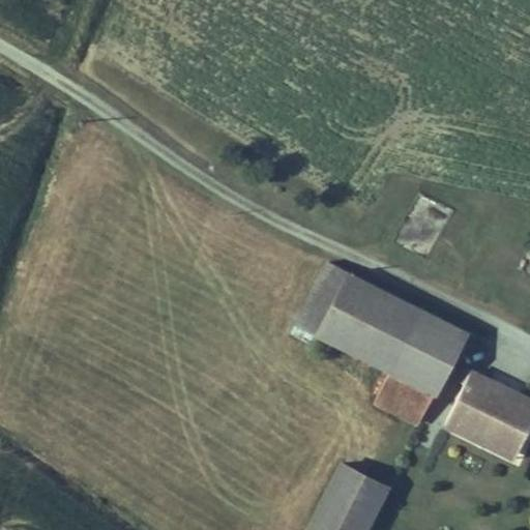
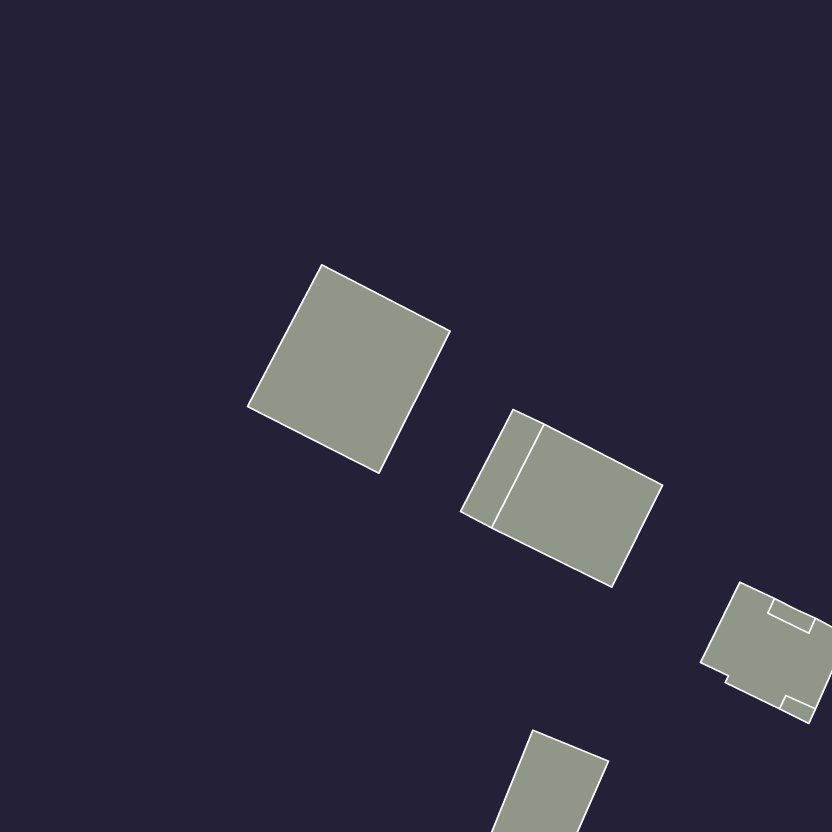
building: none -> [248,265,450,473]
building: [375,311,467,424] -> none

